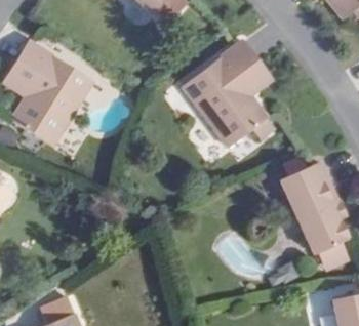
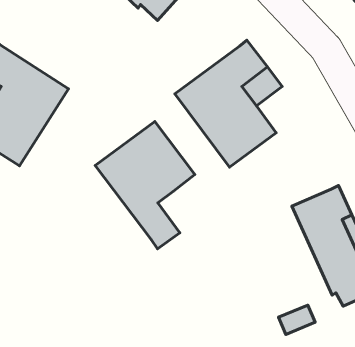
building: none -> [95,121,195,249]

